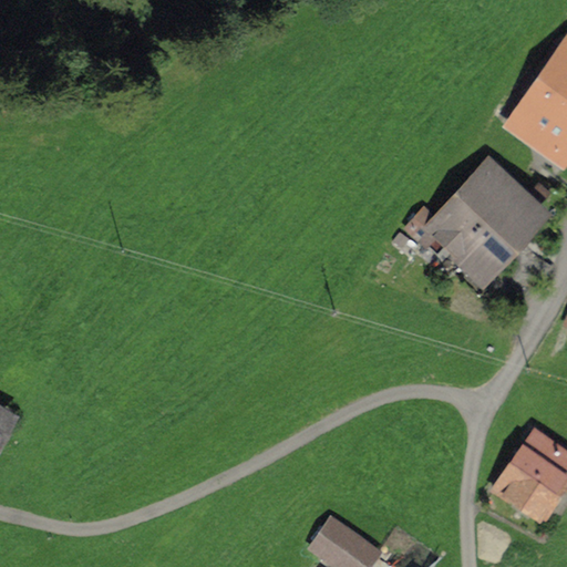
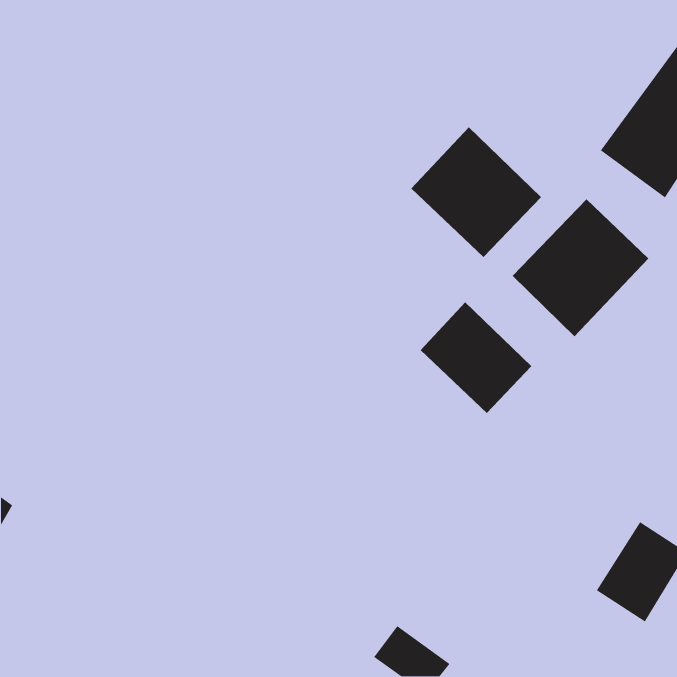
building: none -> [411,127,542,258]
building: none -> [420,302,532,414]

